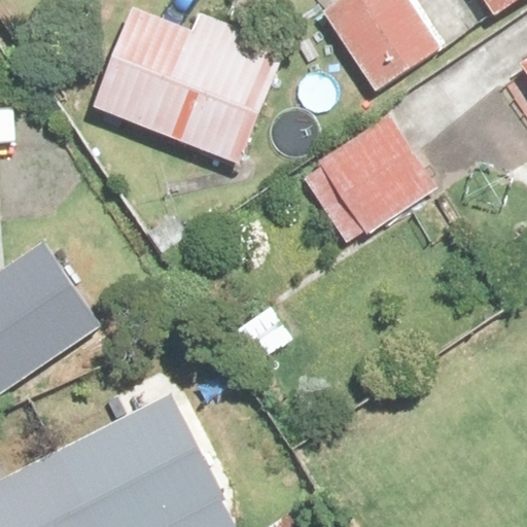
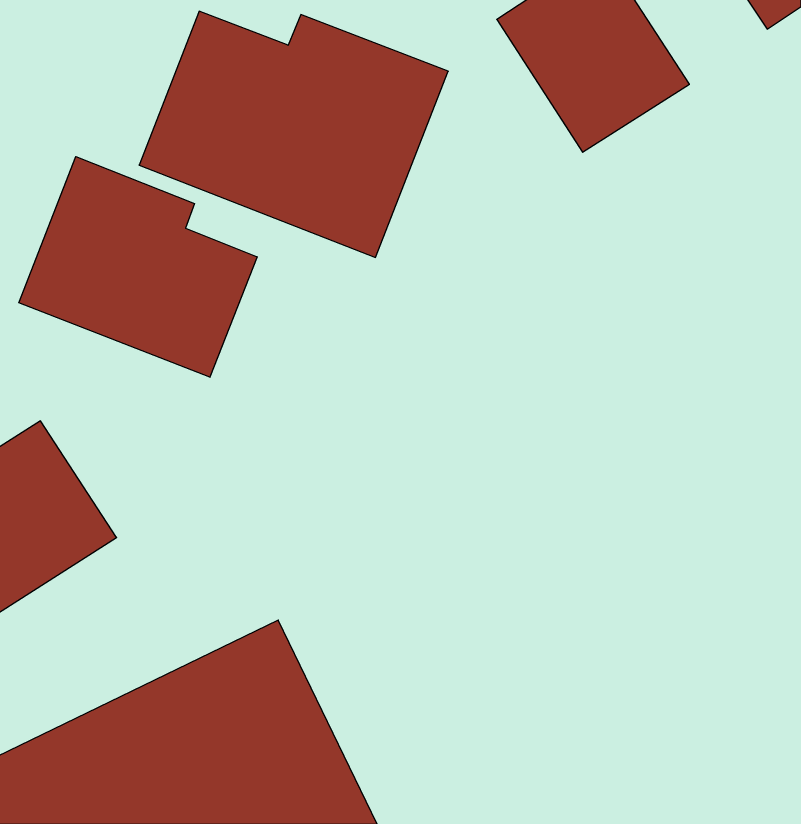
building: none -> [19,157,257,377]
building: [315,117,434,237] -> none

